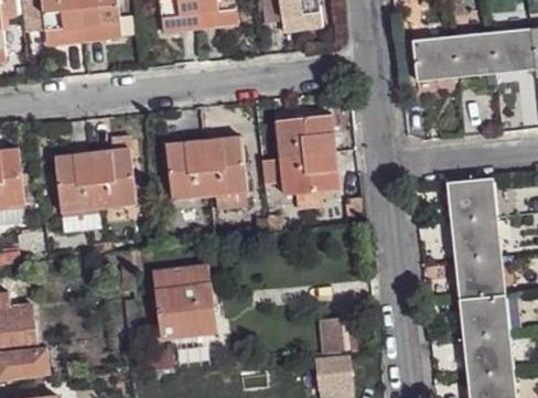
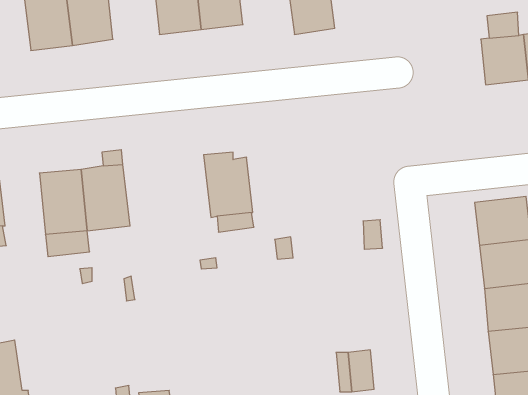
building: [412,36,456,82] -> none
building: [261,115,340,209] -> none
building: [166,140,209,200] -> none
building: [153,263,218,338] -> none

